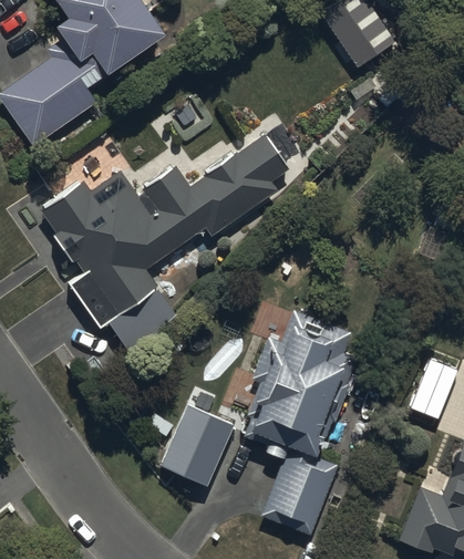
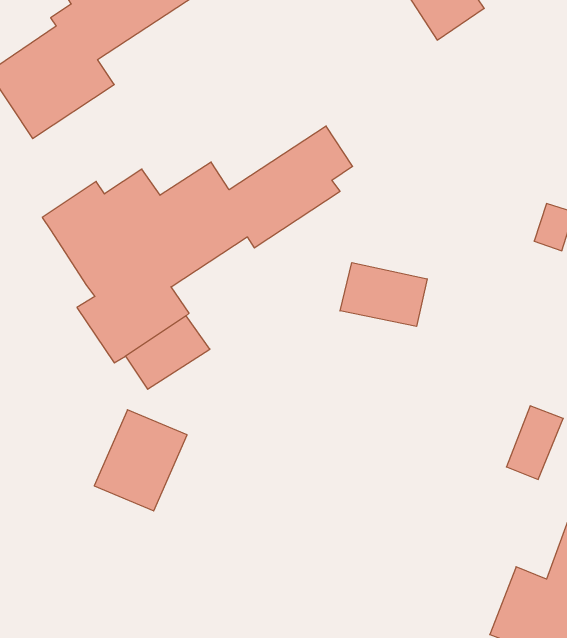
building: none -> [340,263,427,326]
building: [244,308,363,535] -> none
building: [163,408,237,489] -> [94,410,187,511]

